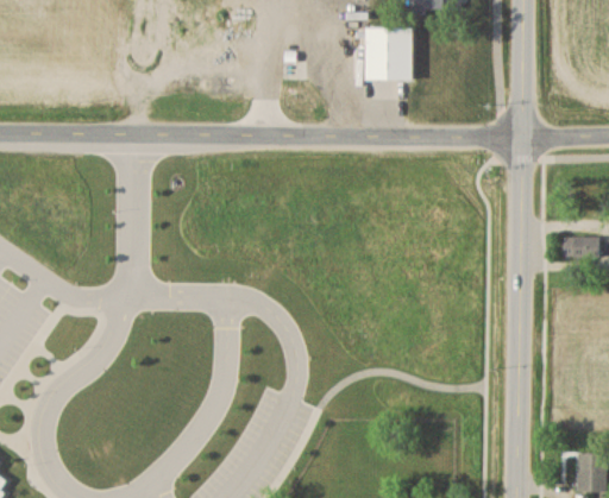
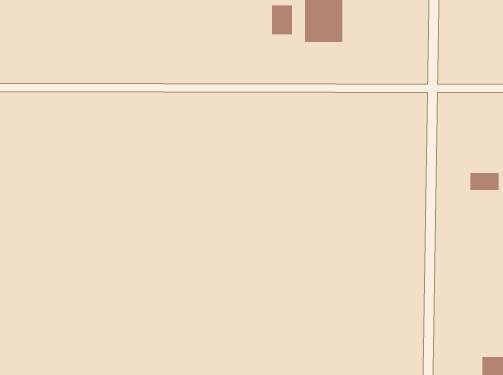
building: none -> [272,5,293,35]

